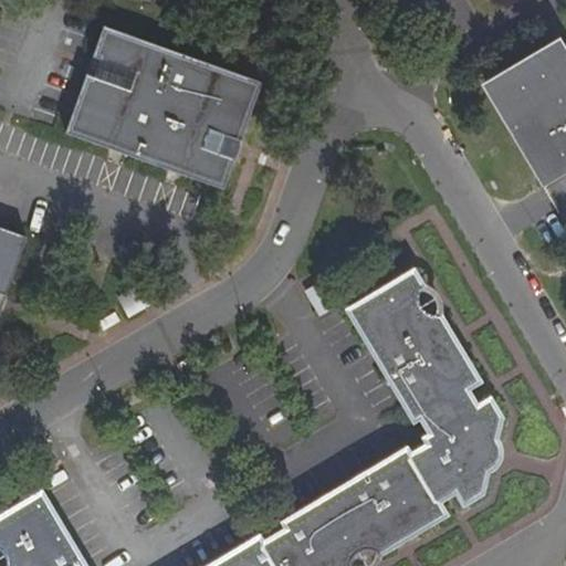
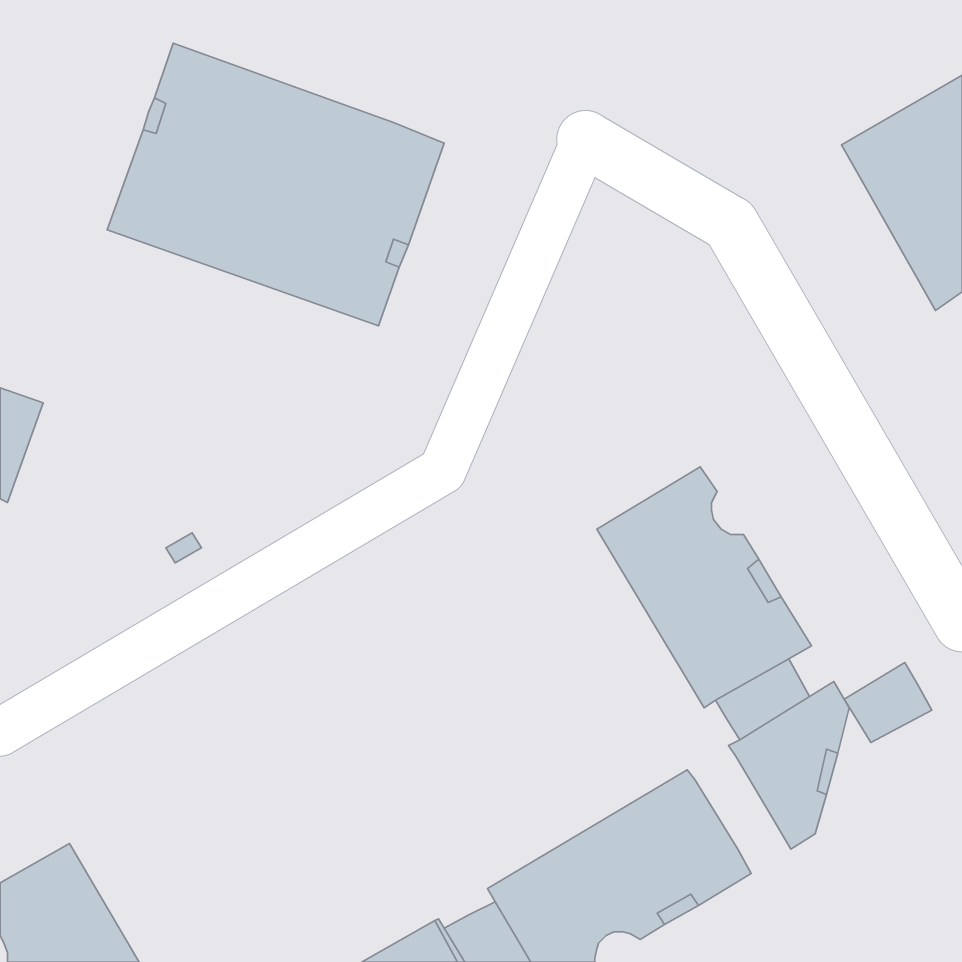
building: none -> [844,662,932,742]
building: [408,444,457,499] -> none

